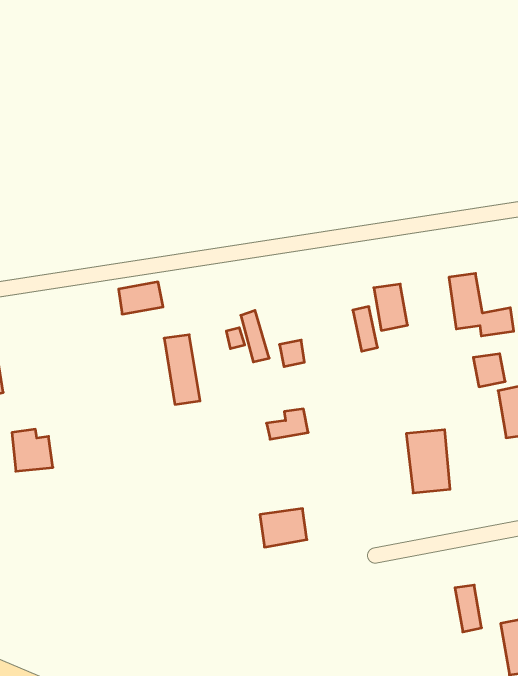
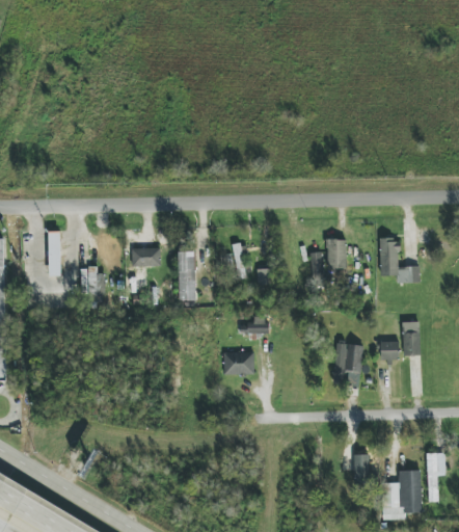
building: [119,282,163,314] -> [131,247,160,266]
building: [473,354,505,387] -> [379,341,399,362]
building: [12,429,53,471] -> [79,267,105,295]
building: [260,509,307,547] -> [223,352,253,375]

